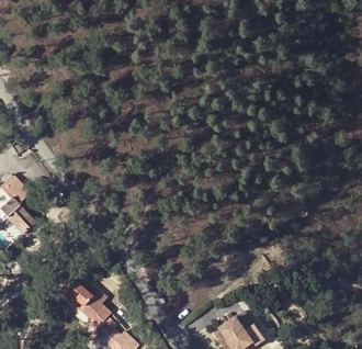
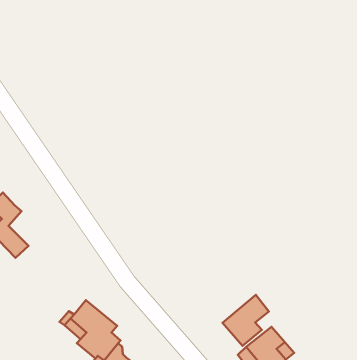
building: none -> [222,295,269,346]

